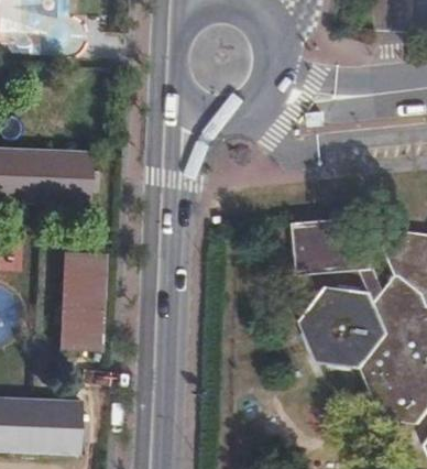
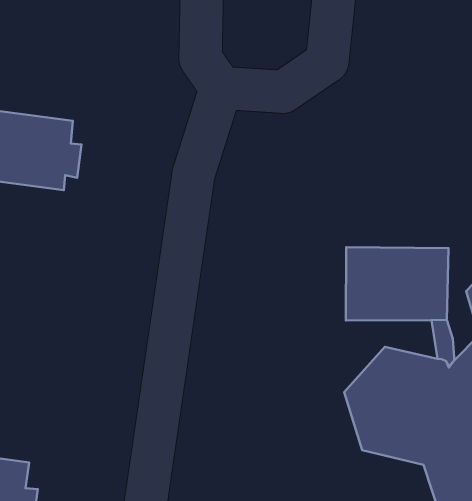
building: [59,247,103,348] -> none

